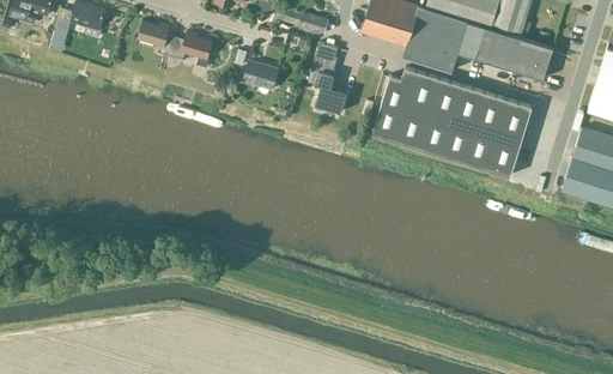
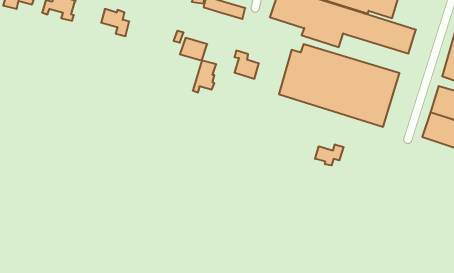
building: [170,30,211,67] -> none
building: [306,42,338,84] -> [193,61,216,92]
building: none -> [315,144,344,165]

